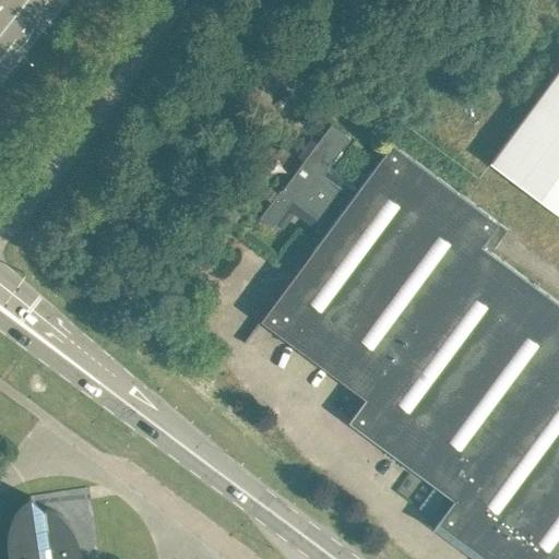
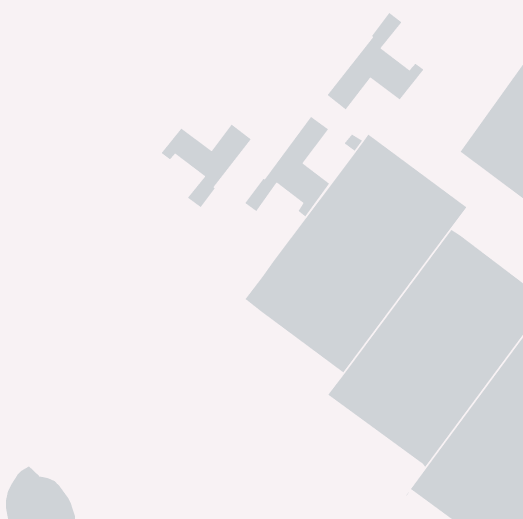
building: none -> [326,12,425,111]
building: none -> [161,123,252,208]

